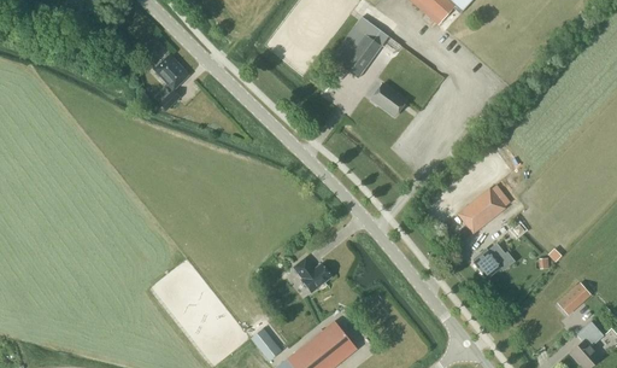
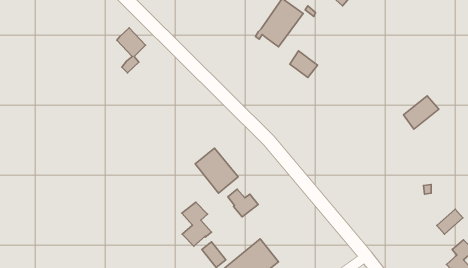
building: [459,189,504,232] -> [403,96,439,129]
building: none -> [195,148,238,193]
building: [472,243,516,278] -> none
building: none -> [182,202,211,246]

